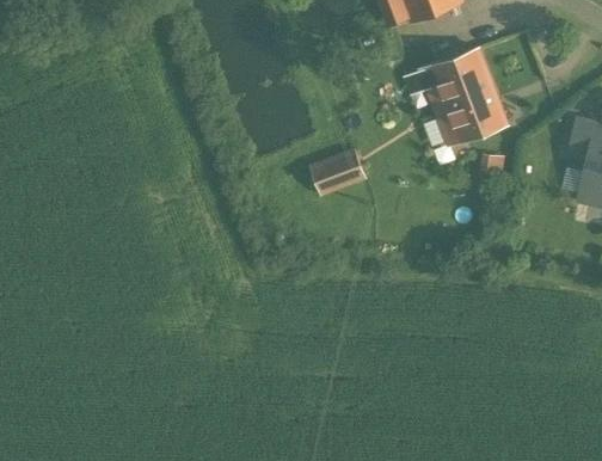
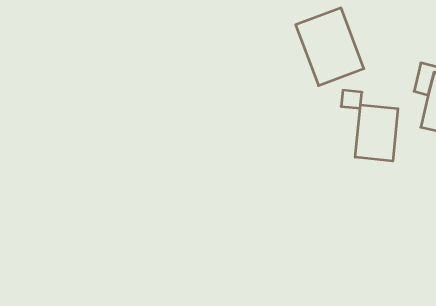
building: [313,150,366,191] -> none
building: none -> [355,105,398,161]

